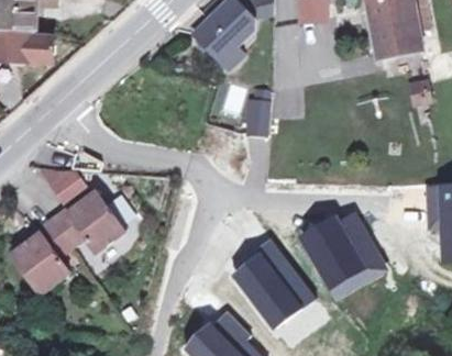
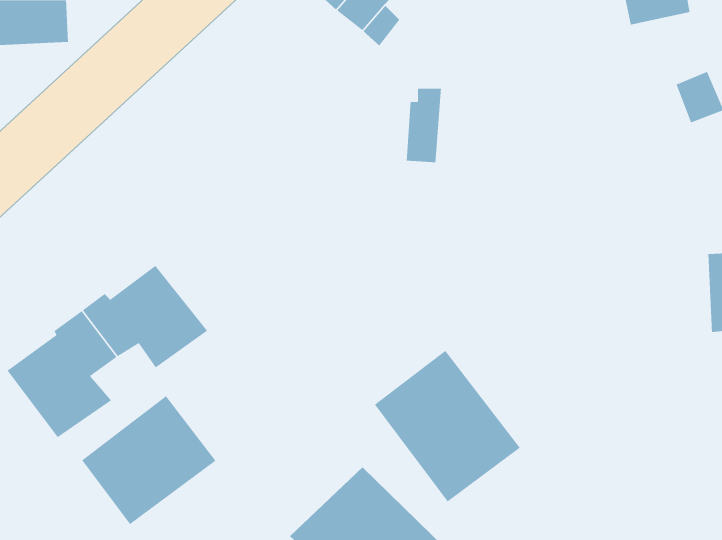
building: [43,160,88,205] -> none
building: [298,212,392,303] -> none
building: none -> [81,395,217,525]

